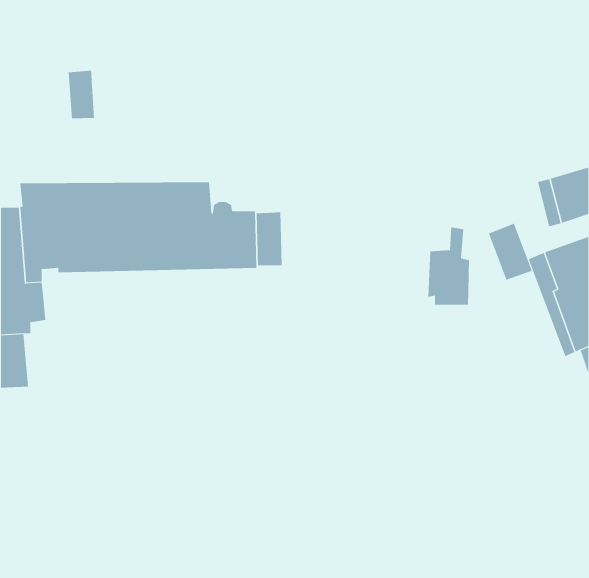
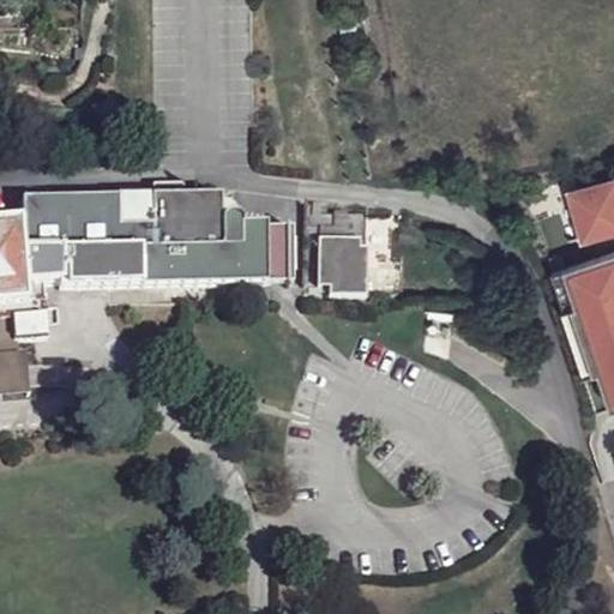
building: [68,70,94,119] -> none
building: [488,223,533,281] -> none
building: [427,227,470,305] -> [321,207,366,289]

